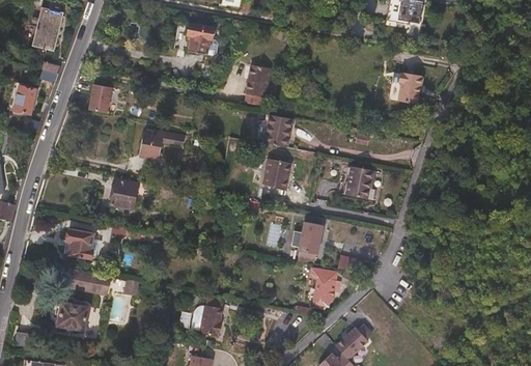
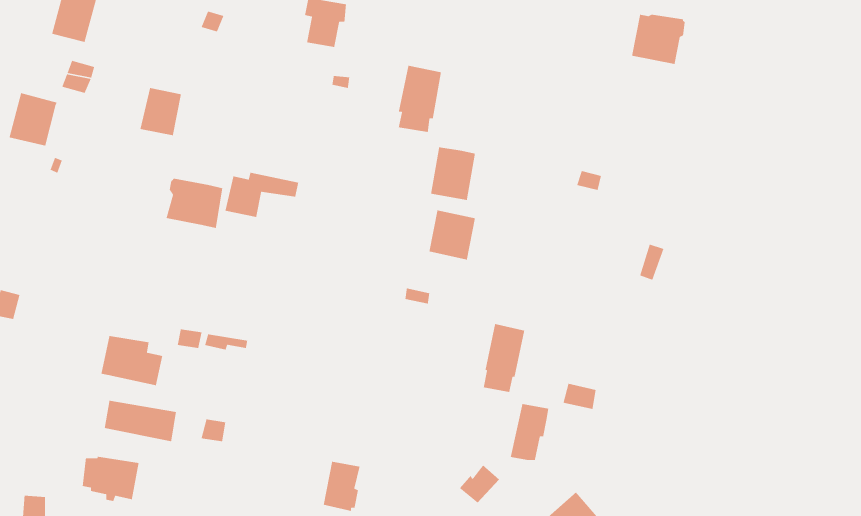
building: [389,74,422,105] -> [631,14,685,65]
building: [345,167,374,199] -> none
building: [110,180,145,212] -> [165,178,223,229]

